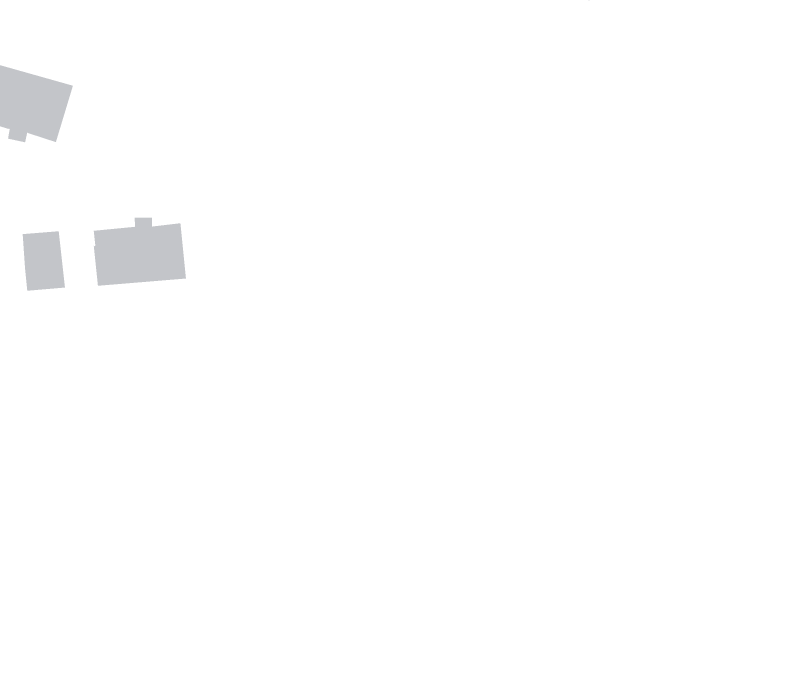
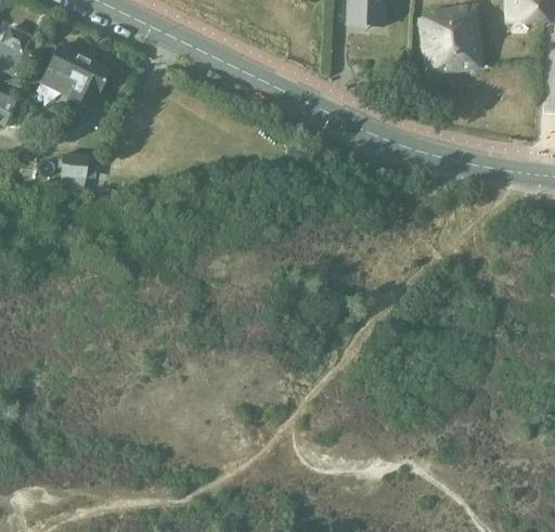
building: [93,217,187,287] -> none

